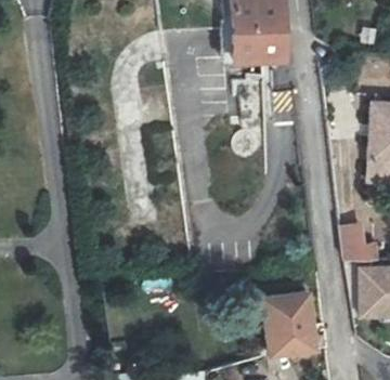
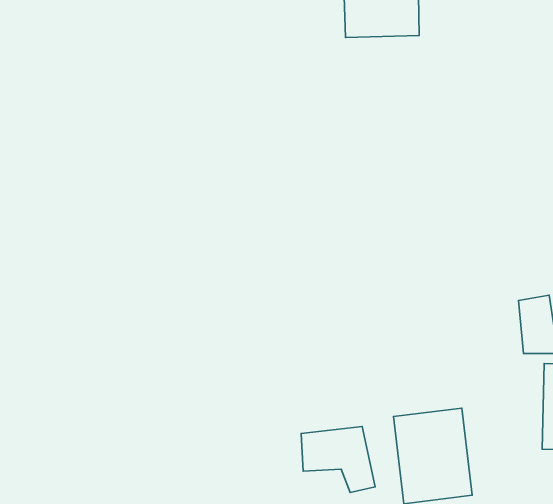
building: none -> [301,426,375,492]

